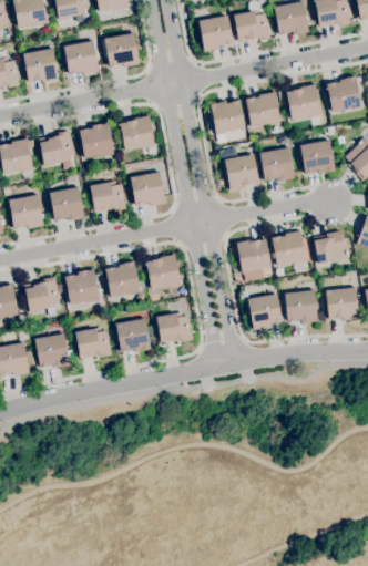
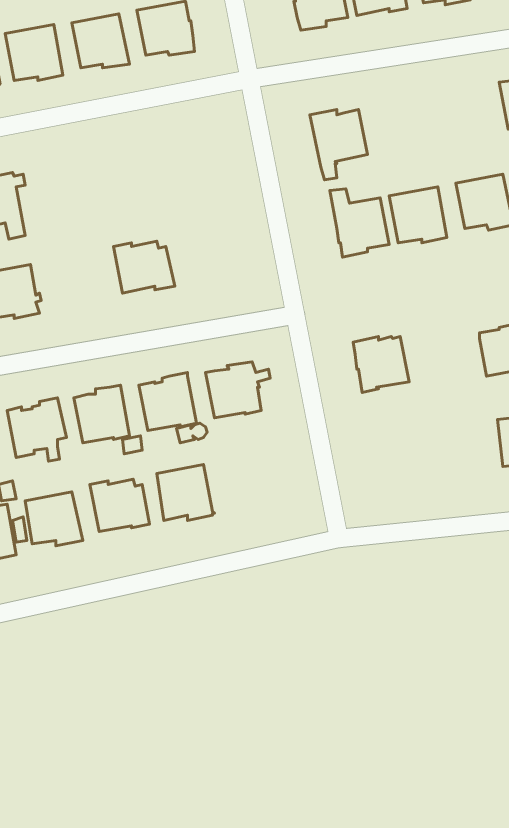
building: [287,84,321,120] -> none
building: [246,92,282,127] -> none
building: [121,115,155,151] -> none
building: [80,123,114,158] -> none
building: [40,131,75,166] -> none
building: [131,172,166,206] -> none
building: [50,187,84,222] -> none
building: [273,230,307,270] -> none
building: [285,290,318,323] -> none
building: [248,294,283,330] -> none
building: [156,312,193,343] -> none

